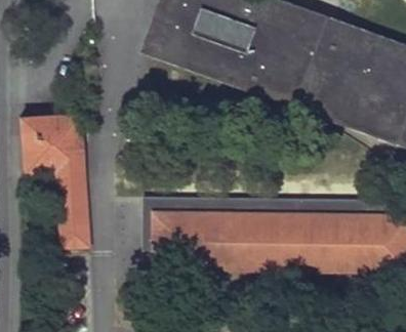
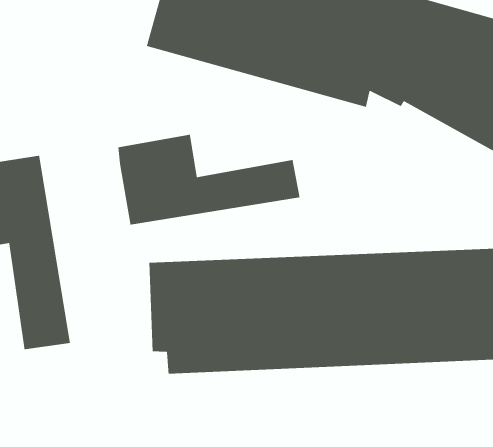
building: none -> [118,134,300,226]

